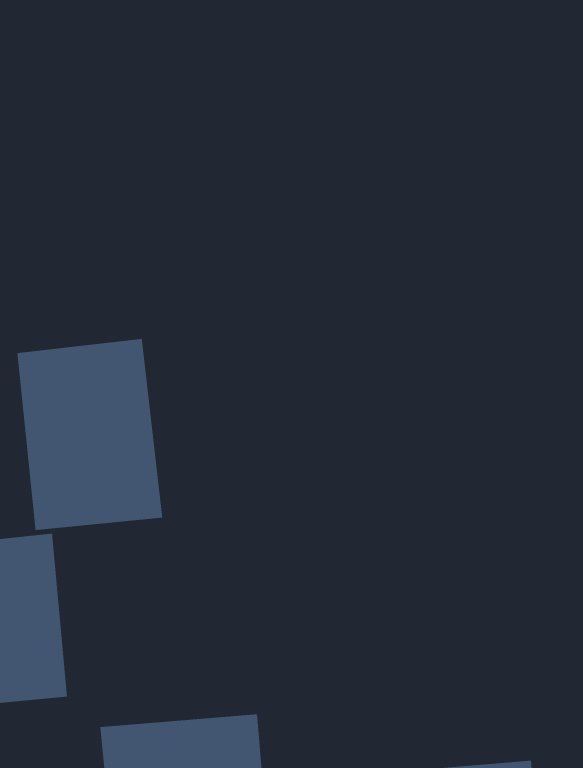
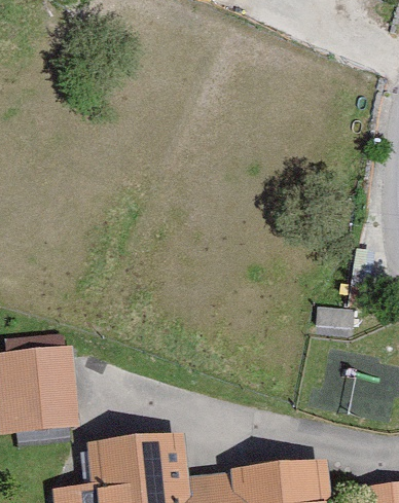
building: [17,338,163,531] -> none

